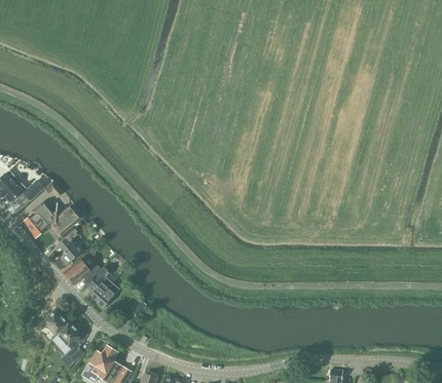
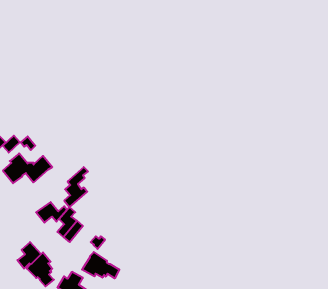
building: [53,221,82,269] -> [64,167,88,207]
building: none -> [82,252,119,278]

